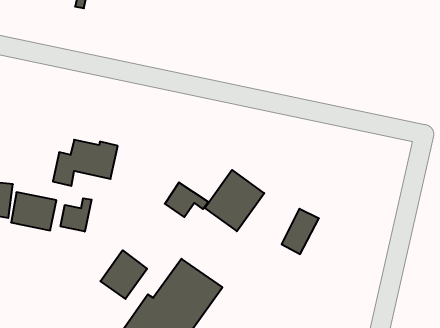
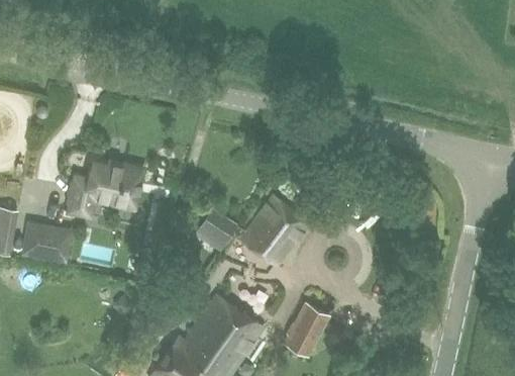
building: [61,198,92,232] -> none
building: [282,209,319,254] -> [286,302,328,354]
building: [100,250,147,299] -> none

